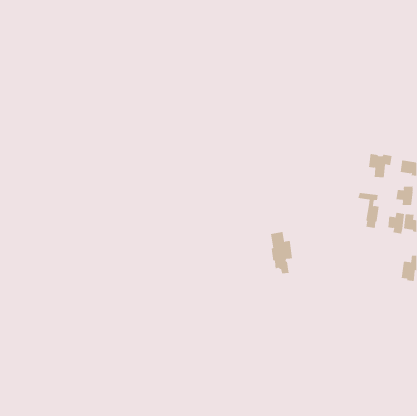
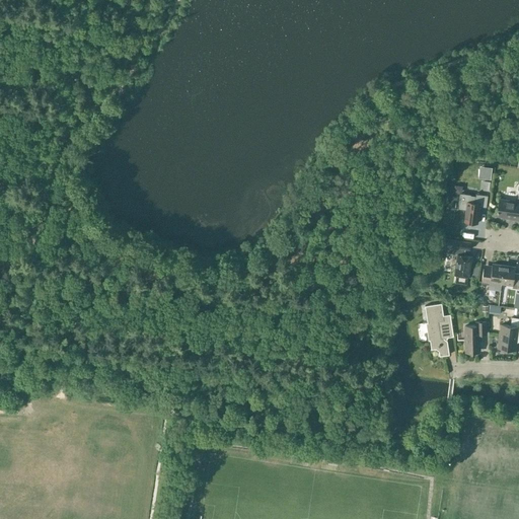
building: [396,186,413,206] -> none
building: [270,231,293,274] -> [425,304,453,357]
building: none -> [464,321,488,352]

